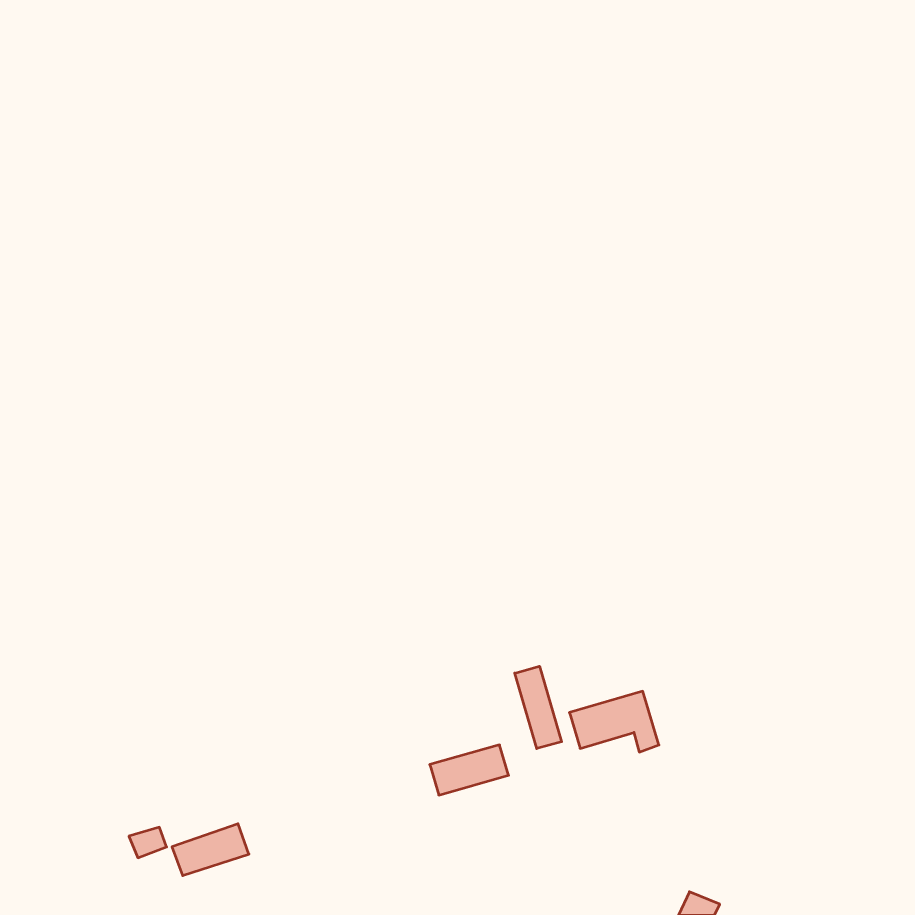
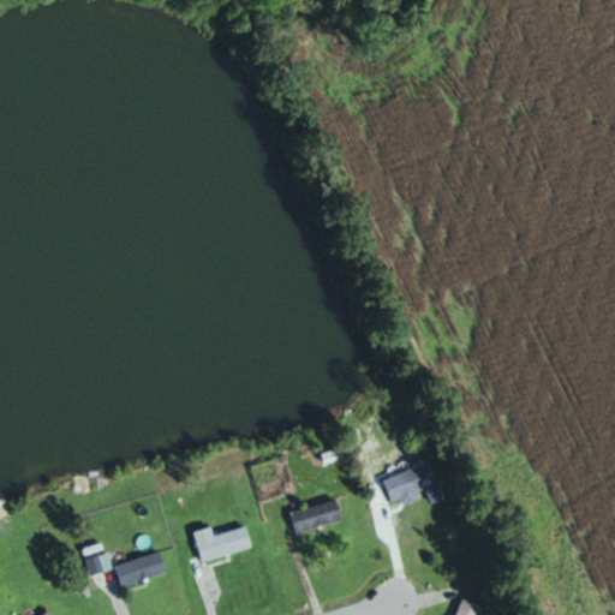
building: [515,666,562,749] -> none
building: none -> [193,523,252,562]

